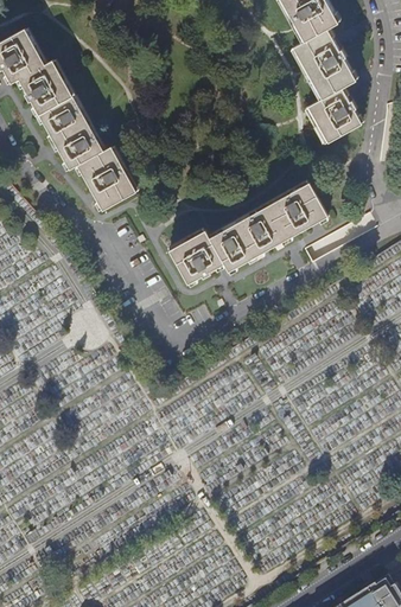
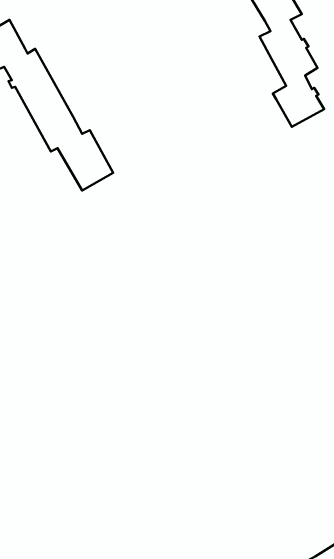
building: [170,183,327,283] -> none

